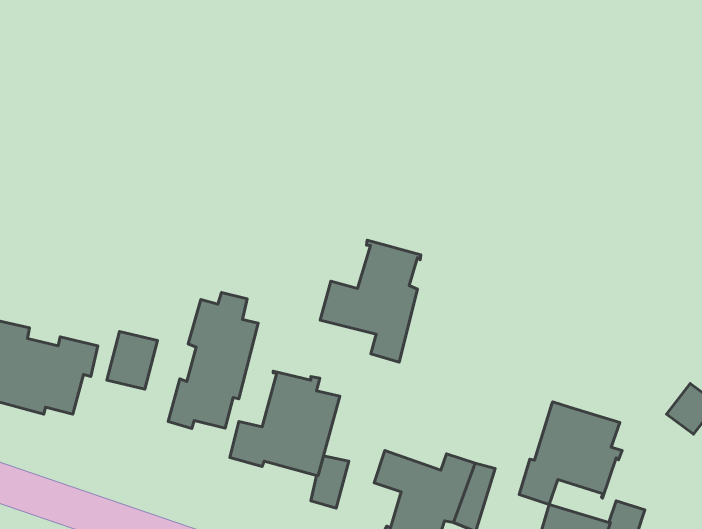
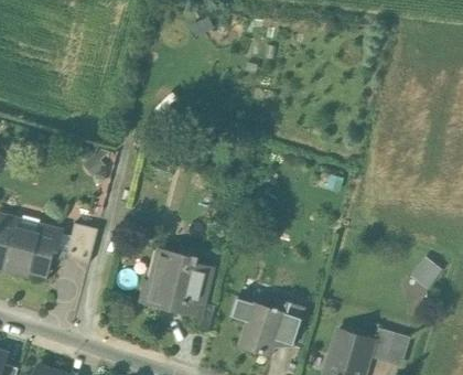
building: [320,240,421,362] -> none
building: [168,293,258,428] -> none
building: [519,402,622,504] -> none

